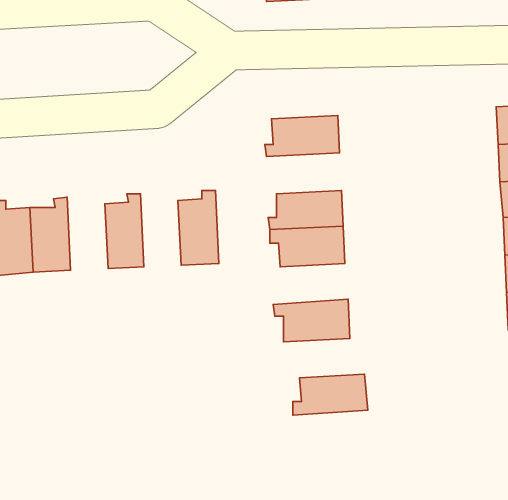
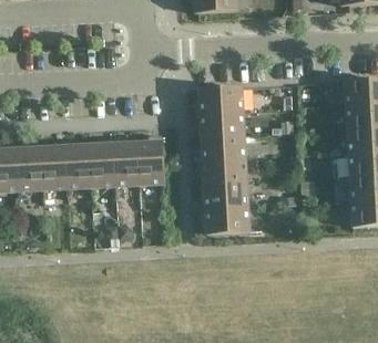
building: none -> [195,111,244,137]
building: none -> [113,137,140,185]
building: none -> [65,139,92,187]
building: [293,374,368,415] -> [200,183,248,209]

